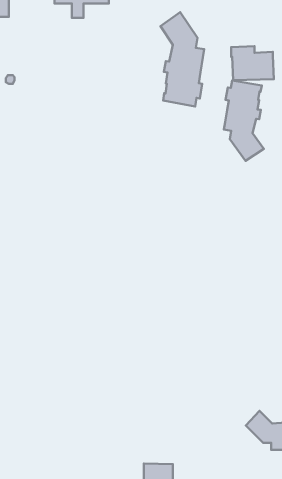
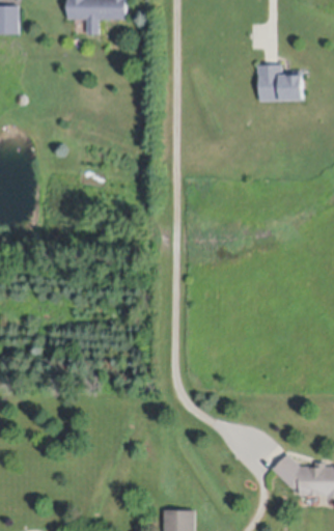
building: [160,12,204,106] -> none
building: [224,81,264,161] -> none

